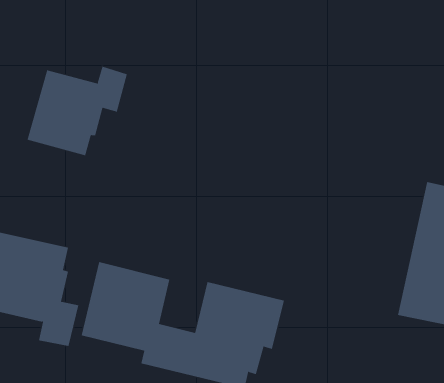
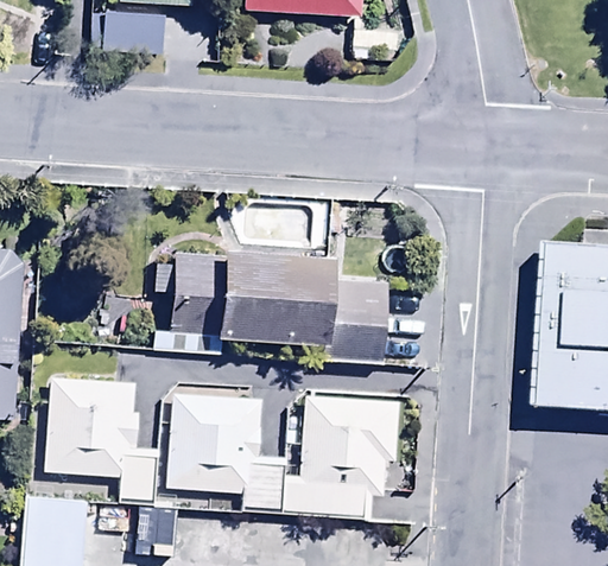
building: [27,66,127,156] -> none
building: none -> [153,249,387,363]

